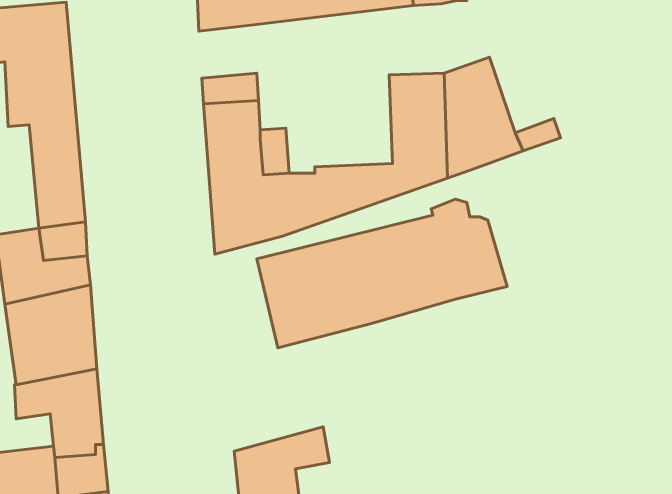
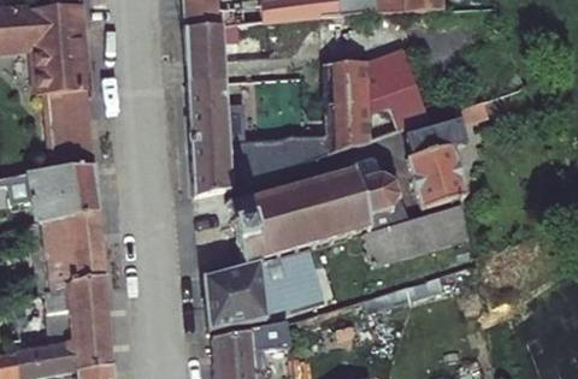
building: none -> [181,23,224,63]
building: none -> [411,91,496,205]
building: none -> [372,202,473,261]
building: none -> [197,245,325,336]

